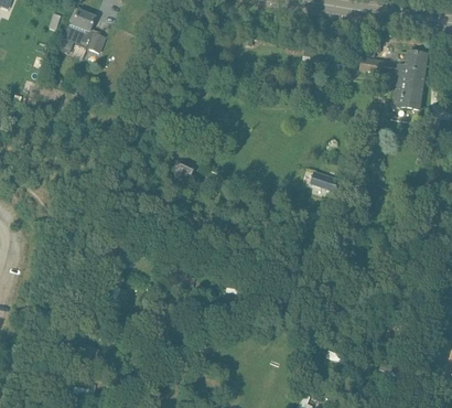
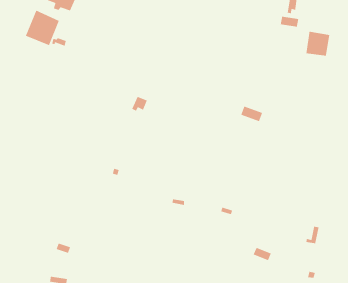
building: none -> [25,10,60,46]
building: [397,51,428,82] -> none

